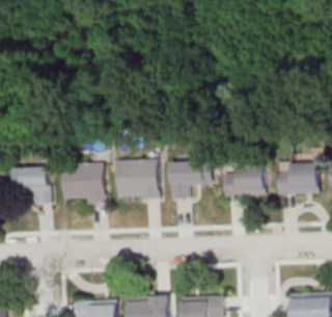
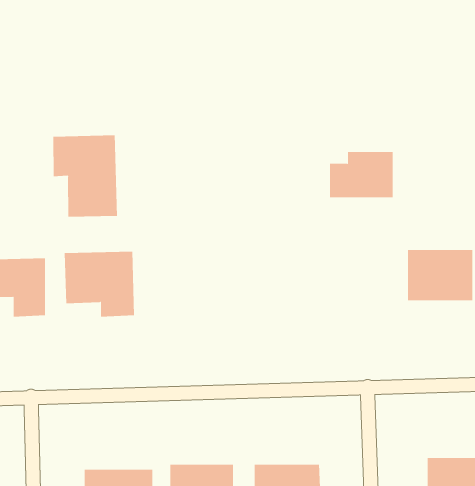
building: none -> [53,134,118,217]
building: [115,159,157,200] -> none
building: [169,161,208,199] -> none
building: [224,166,265,195] -> [329,152,393,198]

